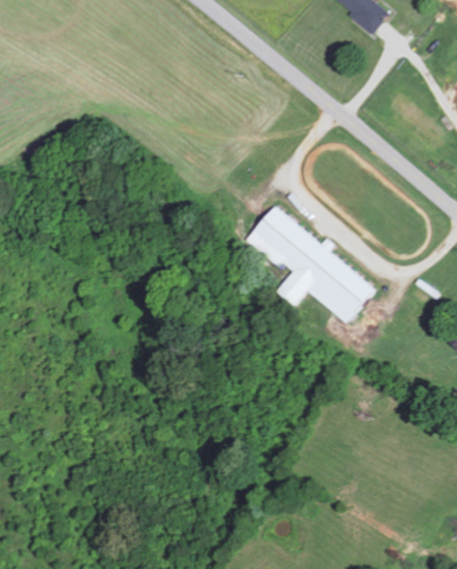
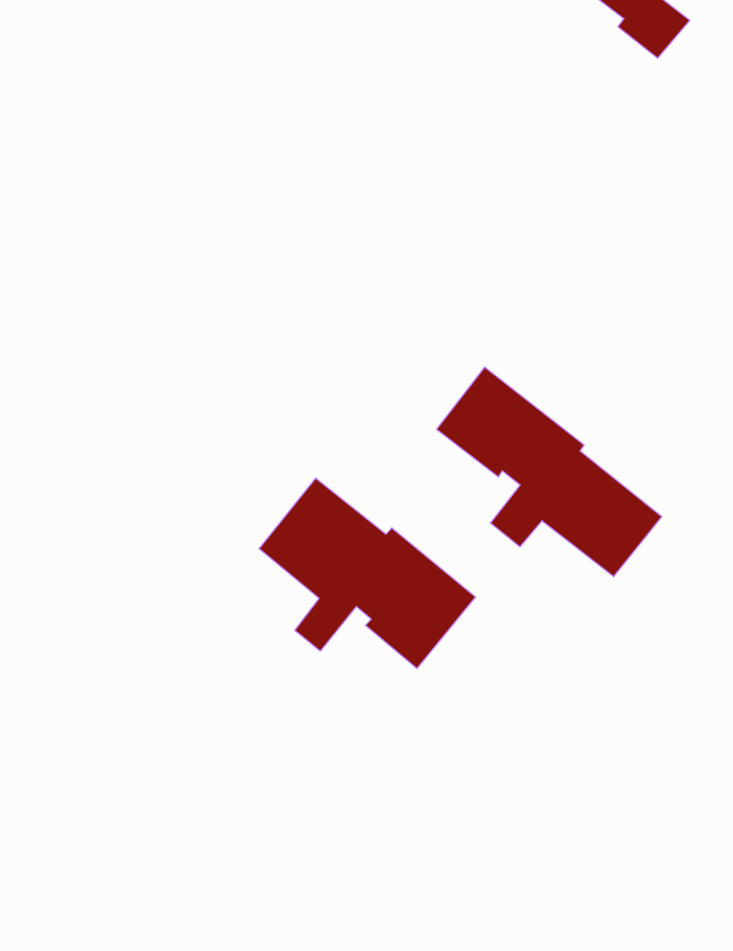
building: none -> [259,478,475,668]

